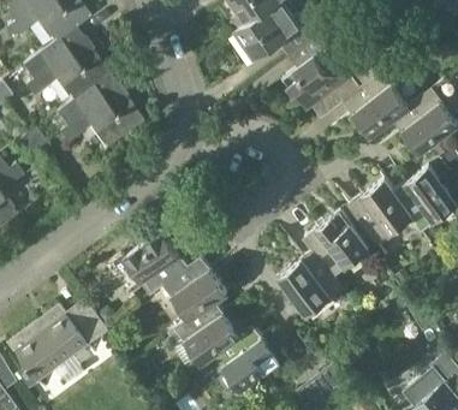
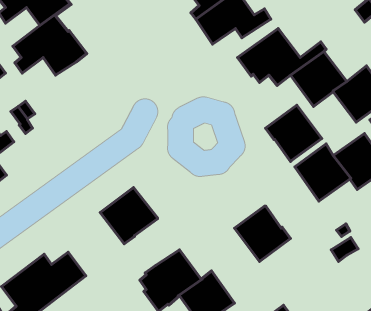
building: [55,75,142,148] -> none
building: [303,212,368,277] -> [266,105,322,161]
building: [162,256,226,320] -> none

